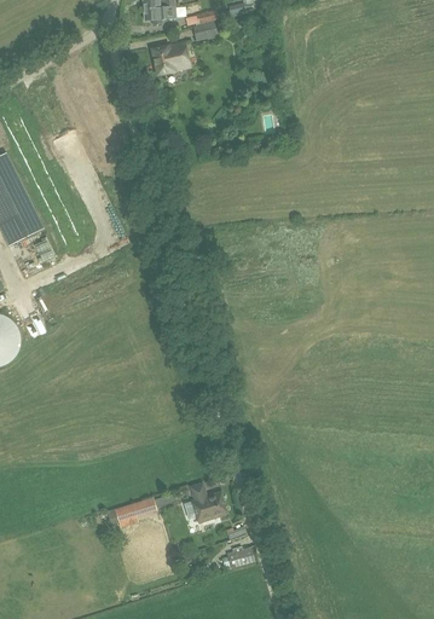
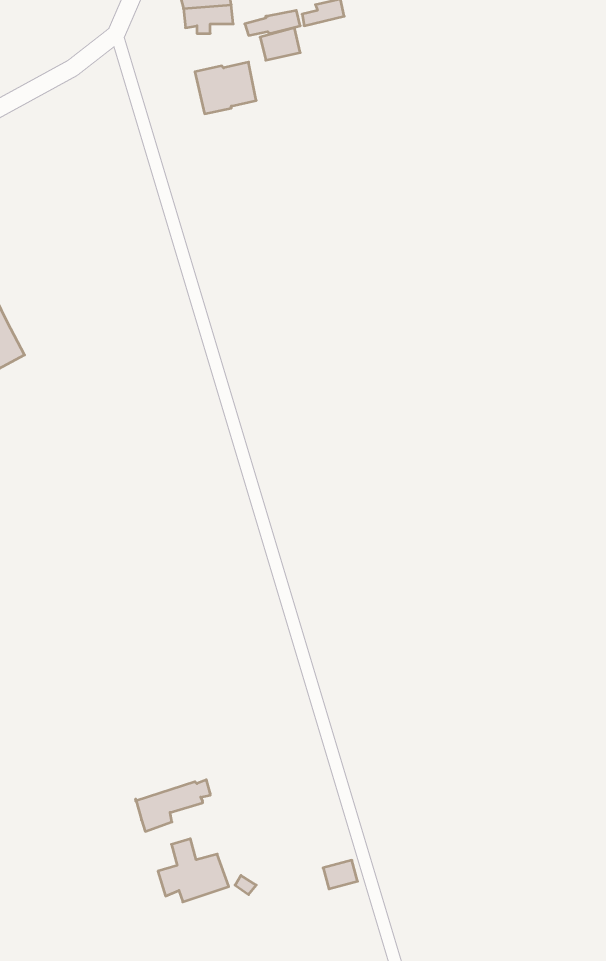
building: [183,481,227,521] -> [158,839,229,902]

